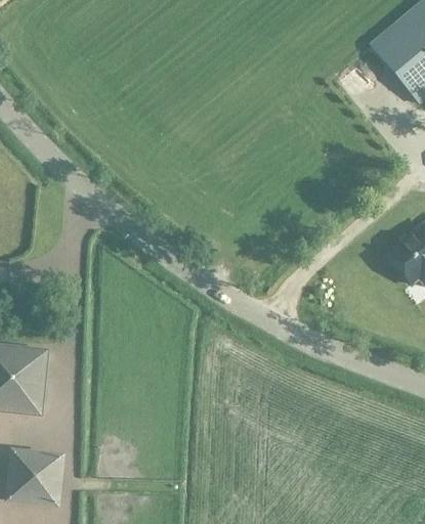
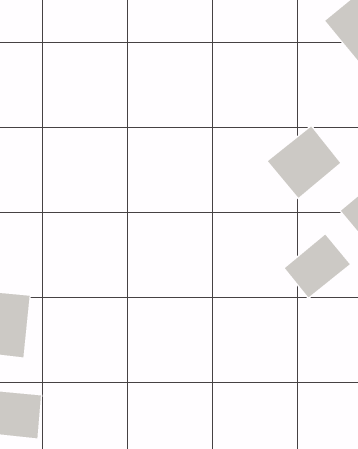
building: none -> [267,125,341,199]
building: none -> [284,233,351,299]

